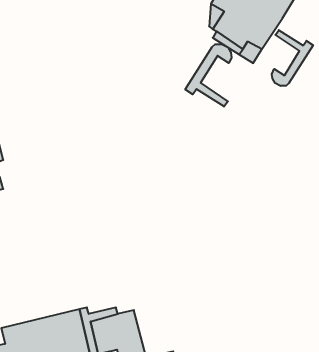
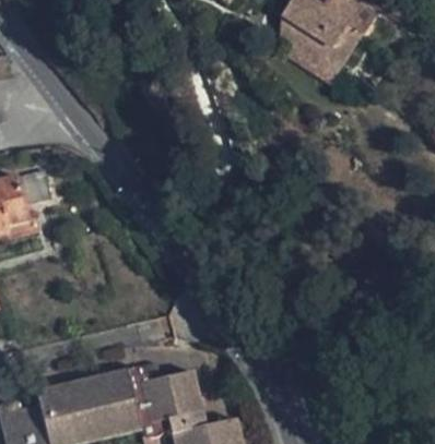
building: [272,30,313,86] -> none
building: [185,44,232,107] -> none

